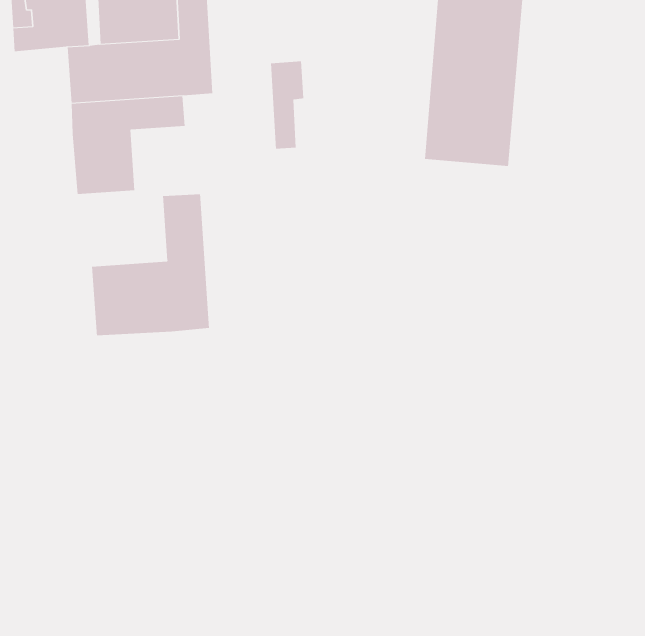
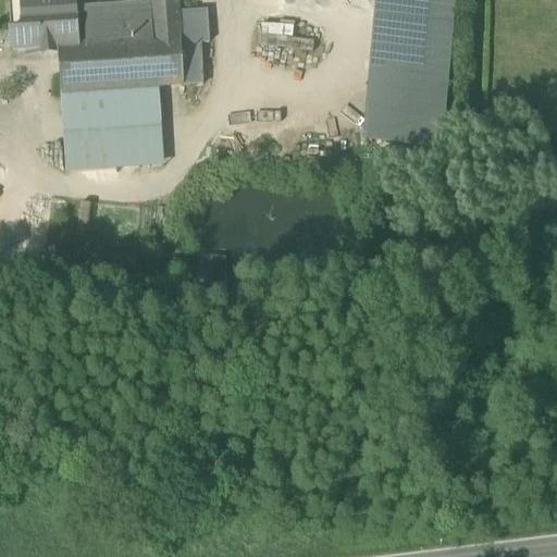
building: [270,61,304,149] -> [180,4,209,81]
building: none -> [113,109,164,164]
building: [92,193,210,336] -> none

